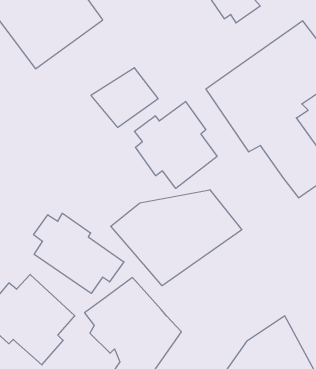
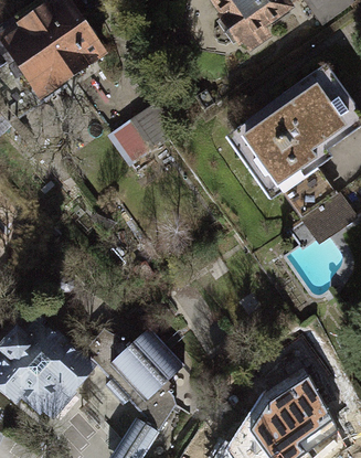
building: [134,101,217,188] -> none
building: [111,190,242,286] -> none
building: [34,213,124,293] -> none

